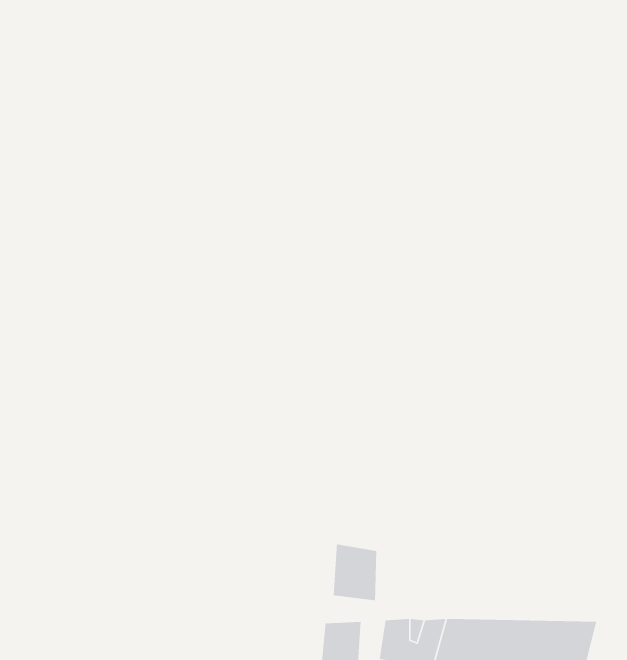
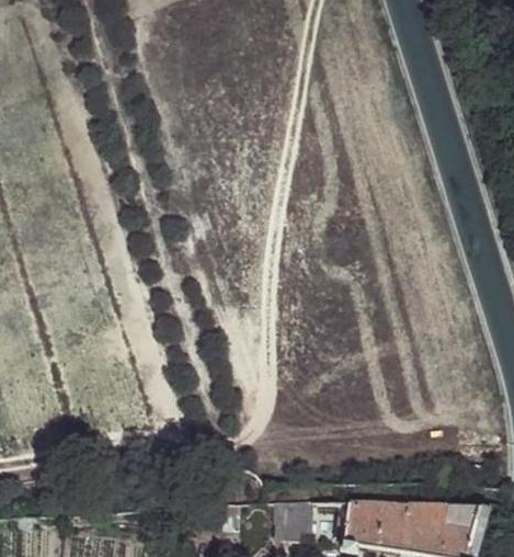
building: [333,544,377,601] -> none

